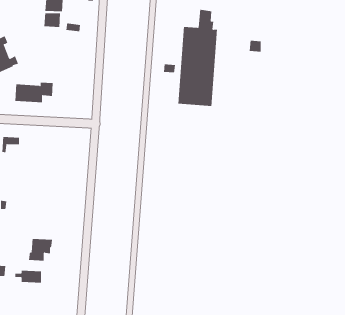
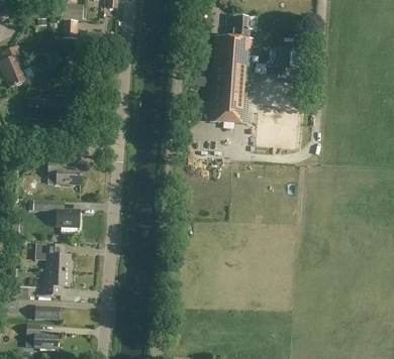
building: none -> [47,160,81,185]
building: none -> [46,200,79,226]
building: none -> [34,243,70,270]
building: none -> [26,323,57,348]

